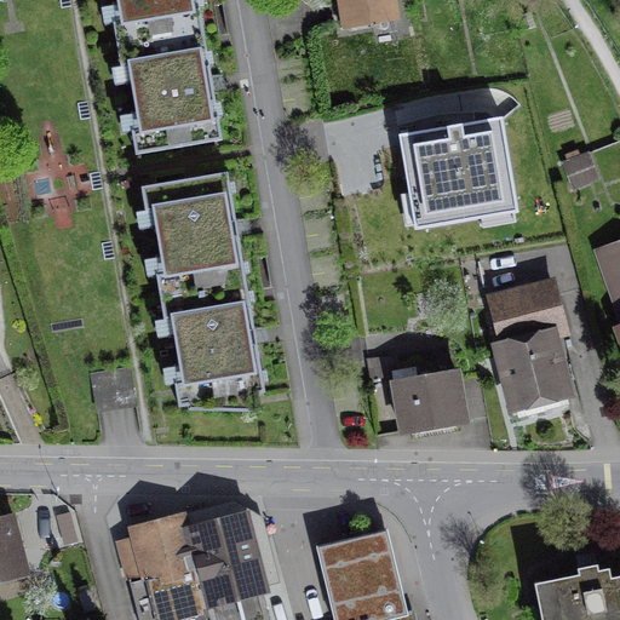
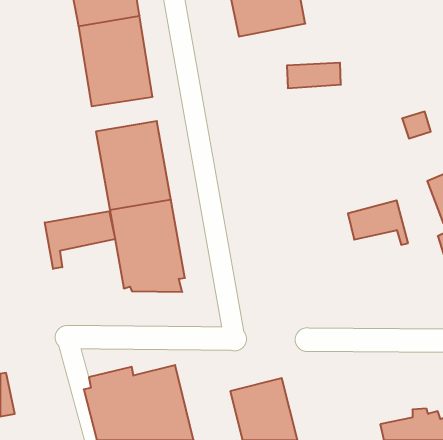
building: [407,117,517,220] -> none
building: none -> [45,211,115,269]
building: [489,320,576,424] -> none
building: [390,374,464,435] -> none

